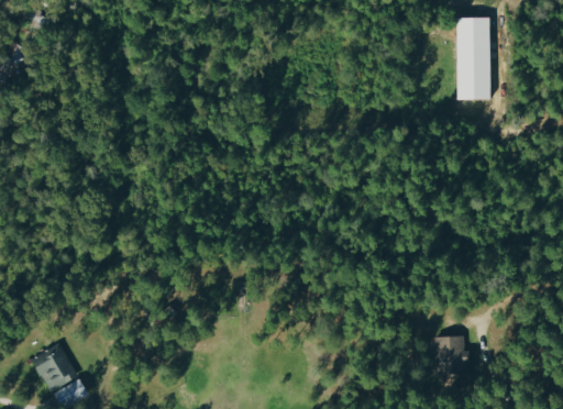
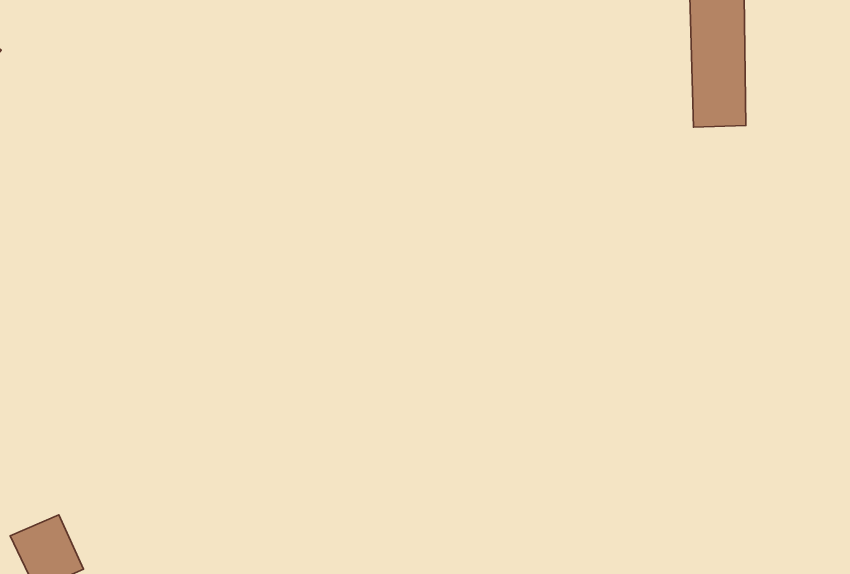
building: [431,336,470,375] -> none

